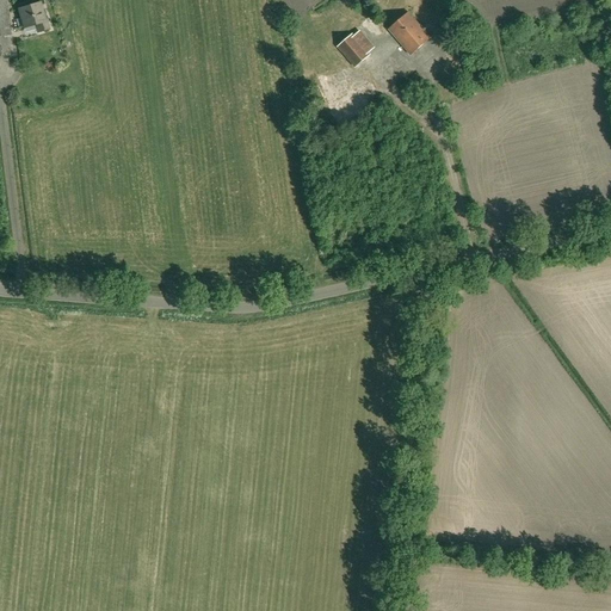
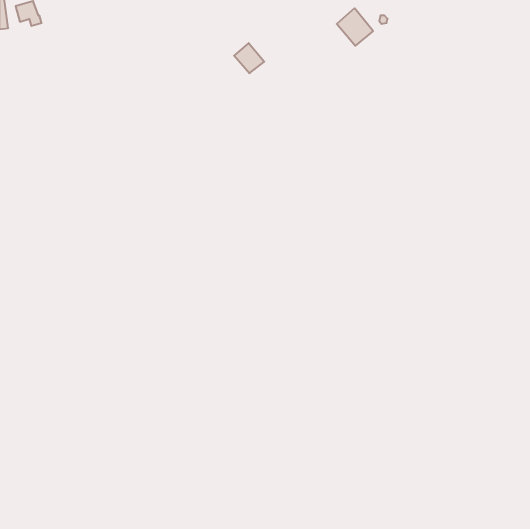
building: [335,31,370,66] -> [234,43,264,73]

